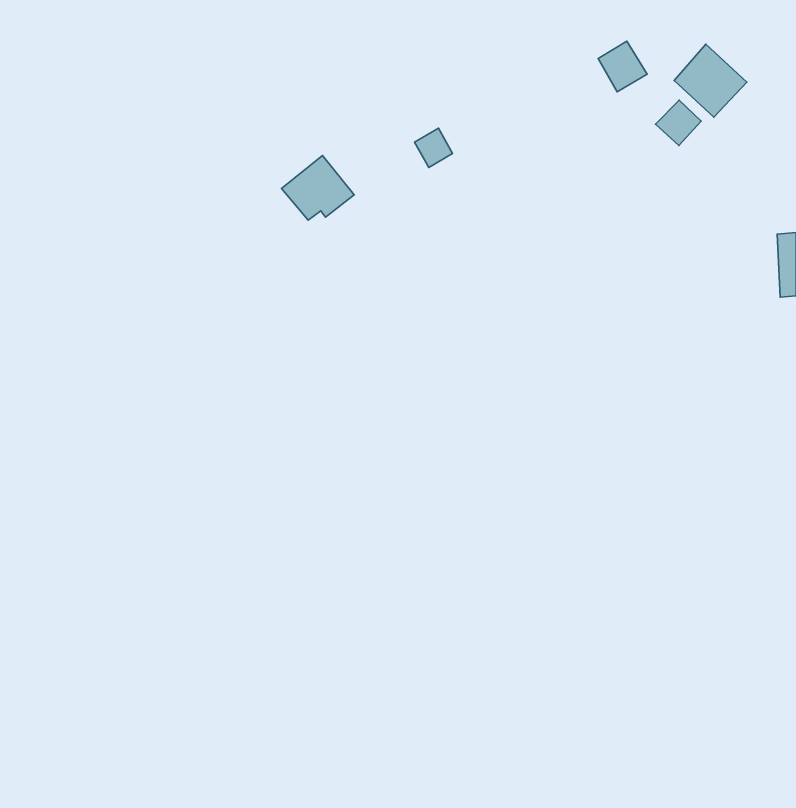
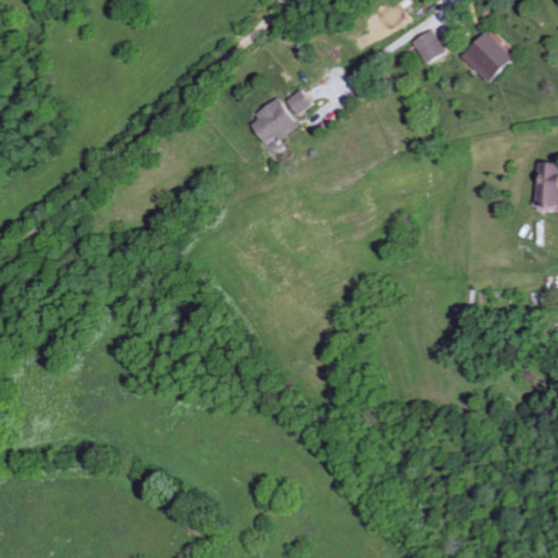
building: [656,100,701,146] -> none
building: [281,155,354,220] -> [247,98,298,143]

